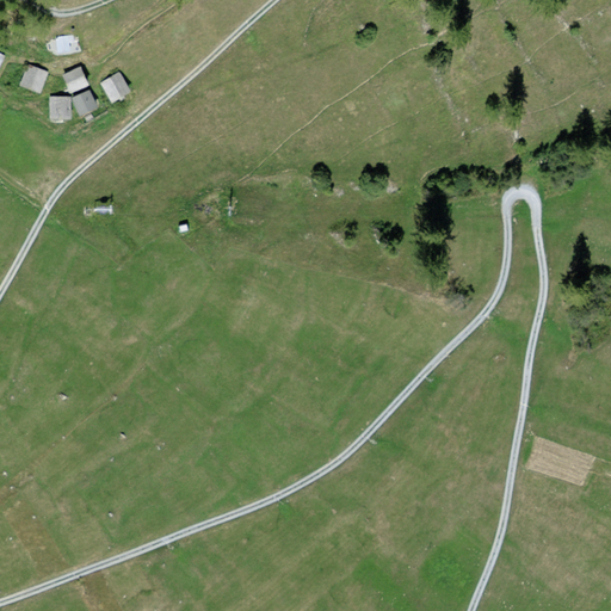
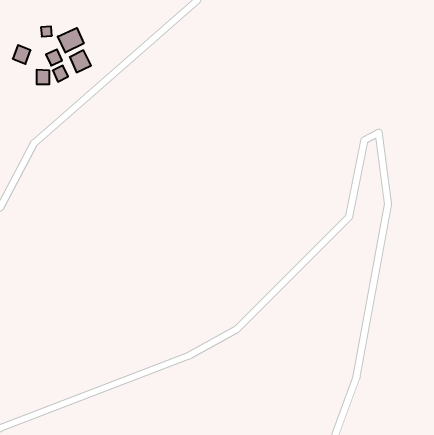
building: none -> [58,28,84,53]

